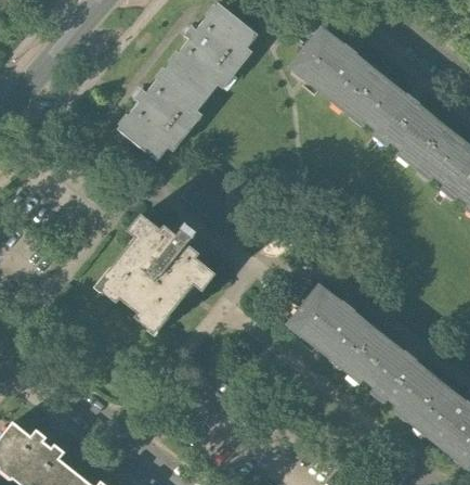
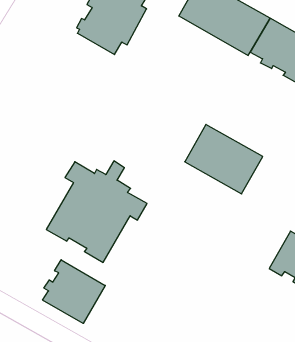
building: [118,65,208,161] -> none
building: [287,285,378,372] -> [185,124,263,194]
building: none -> [43,260,105,323]

